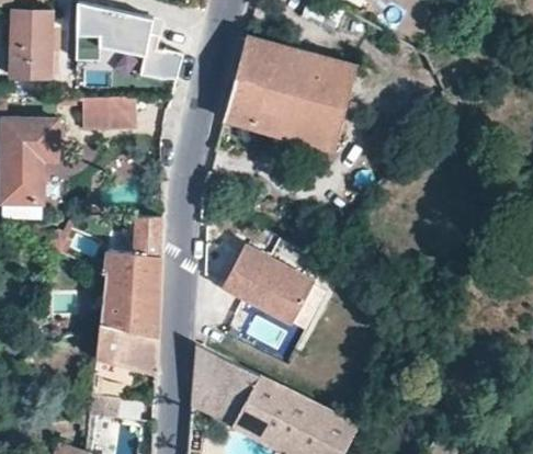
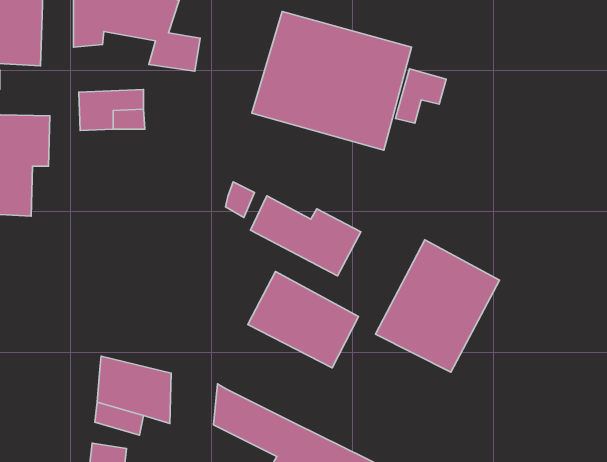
building: none -> [396,69,446,123]
building: none -> [250,196,361,276]
building: none -> [375,240,500,372]
building: [100,232,162,334] -> none

